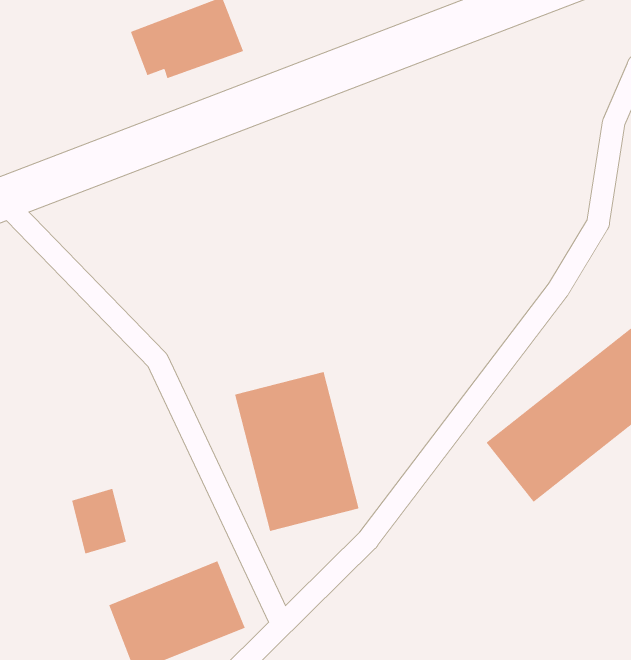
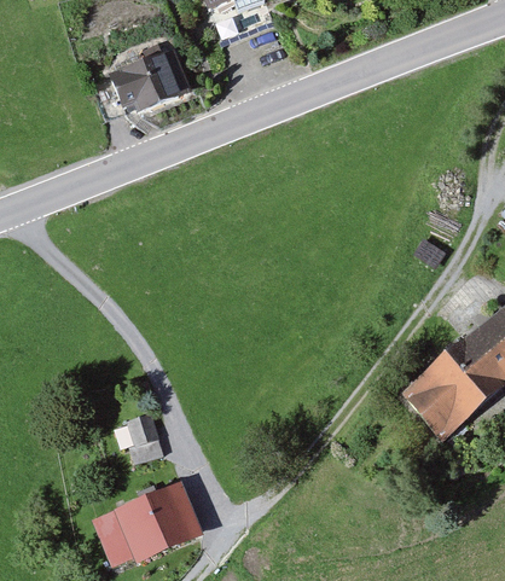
building: [234,371,360,532] -> none
building: [71,488,127,554] -> [126,411,169,463]

